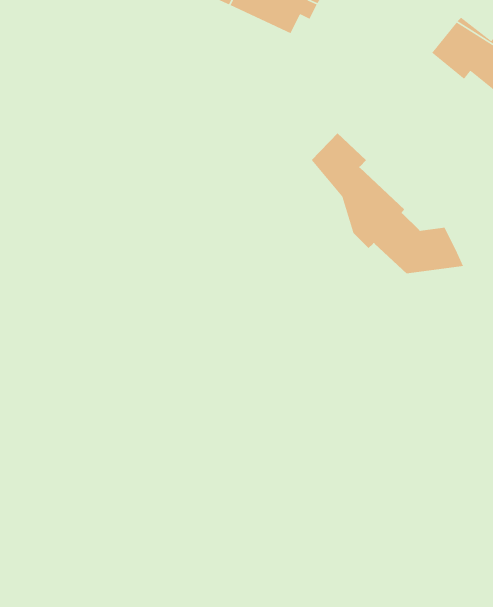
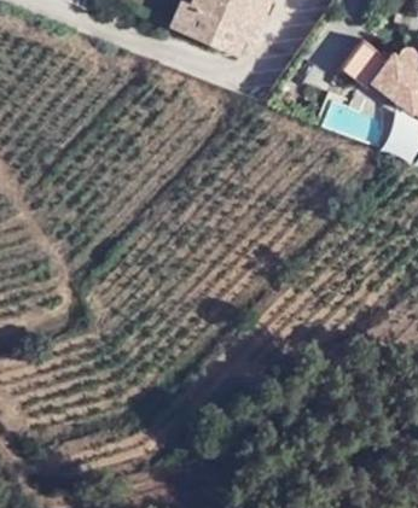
building: [311,132,464,274] -> none

